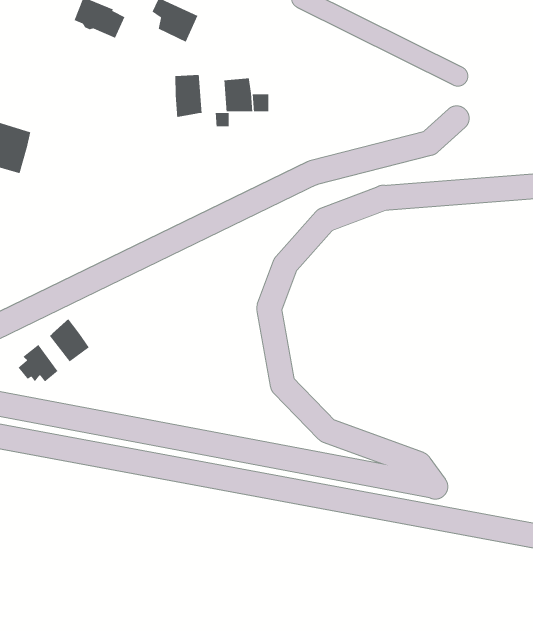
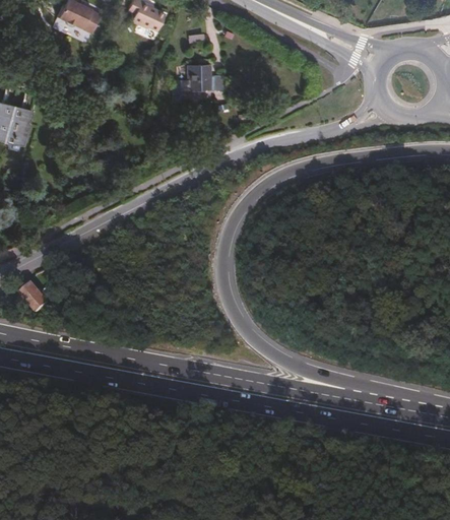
building: [174,74,202,118] -> none
building: [49,318,90,363] -> none

